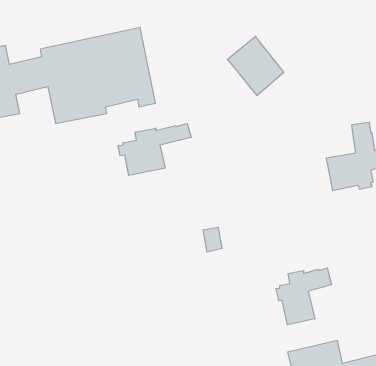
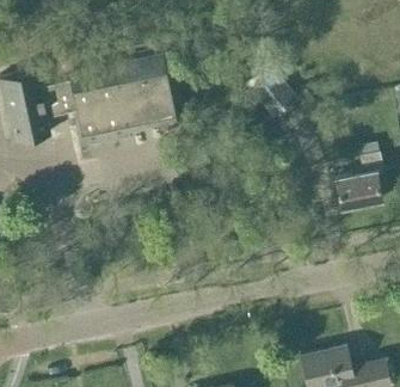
building: [118,124,191,175] -> none
building: [276,268,332,325] -> none

